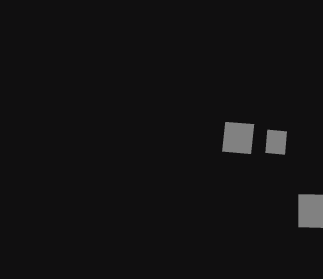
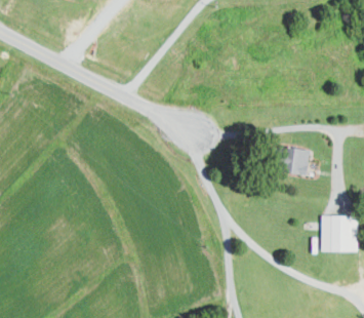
building: [222,121,255,155] -> none

